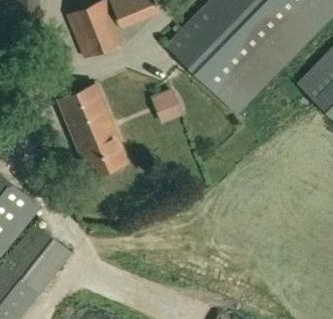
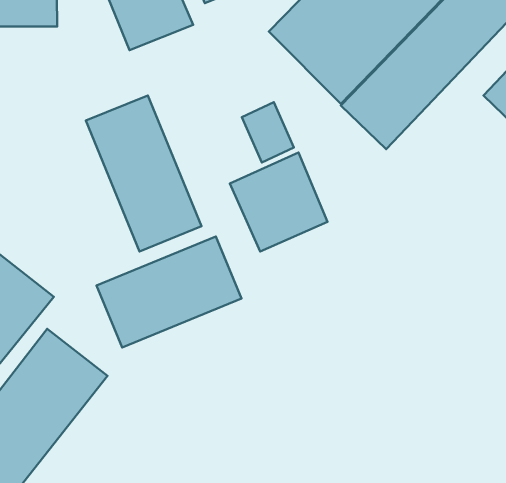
building: none -> [230,153,327,252]
building: none -> [96,237,241,348]

